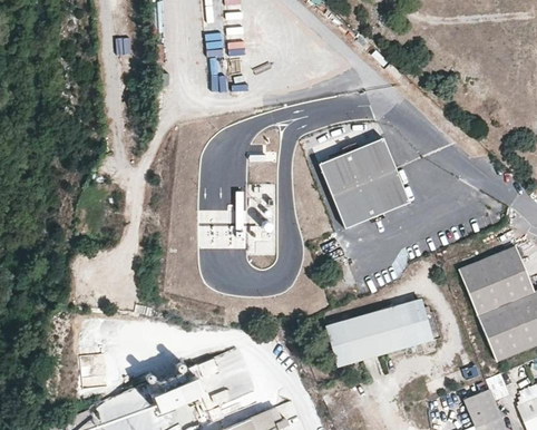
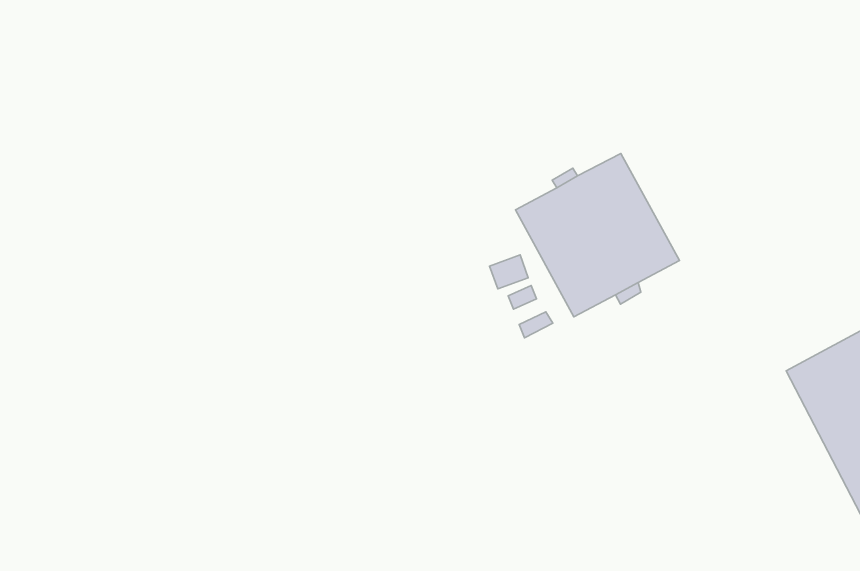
building: [328,299,433,365] -> none

